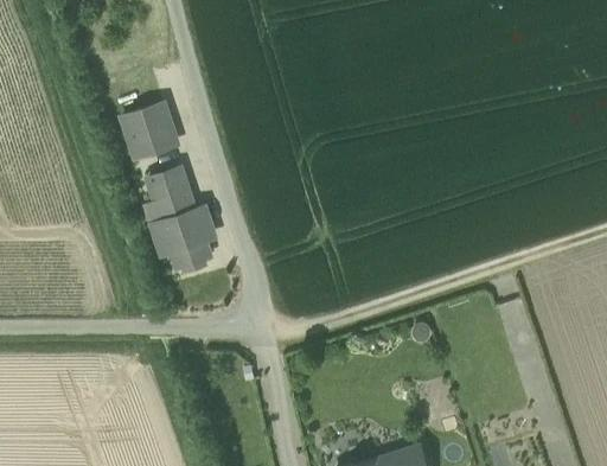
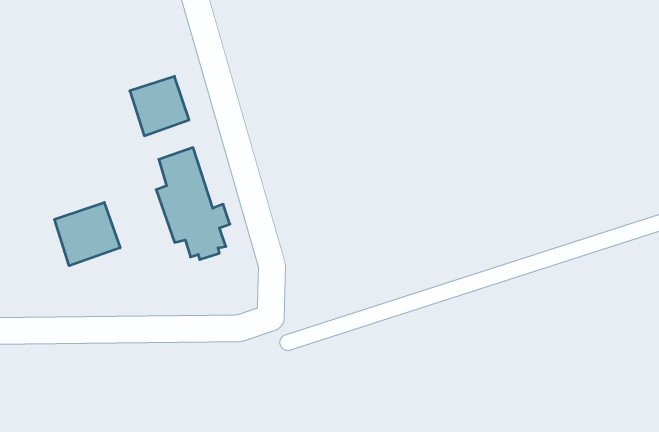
building: none -> [55,202,120,266]

